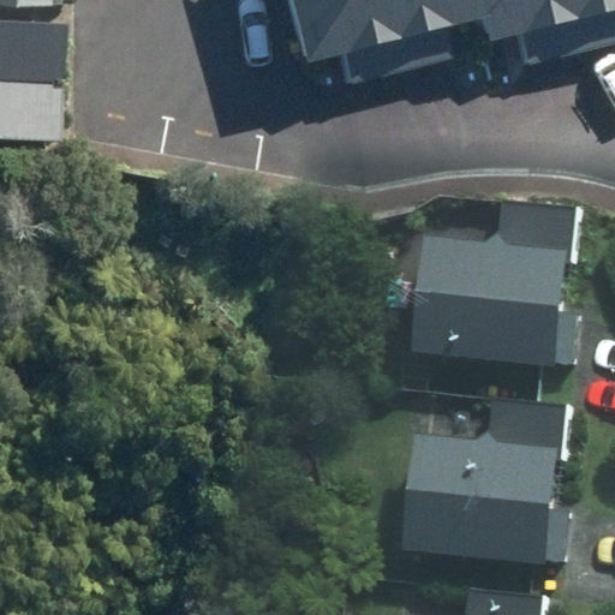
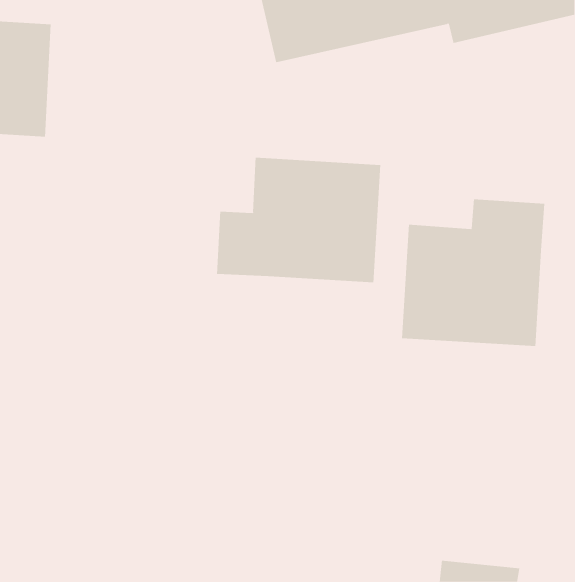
building: none -> [216,157,381,283]
building: [418,399,562,561] -> none

